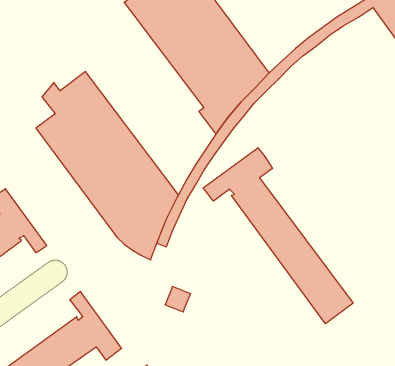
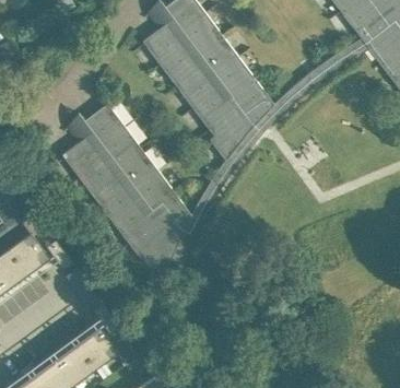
building: [203,148,353,324] -> none

